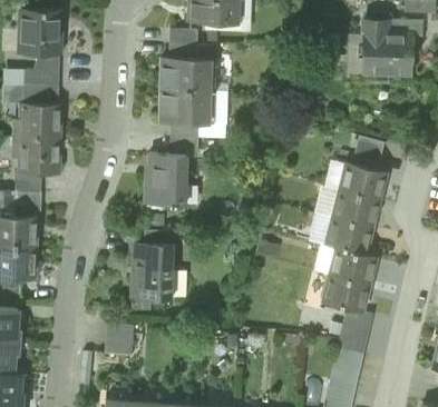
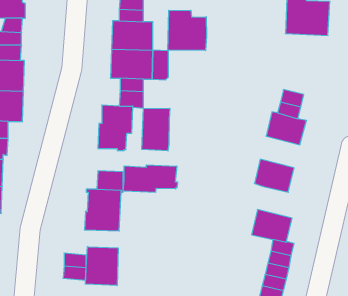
building: none -> [168,10,206,51]
building: none -> [142,108,170,151]
building: [332,189,378,226] -> none
building: none -> [123,165,178,192]
building: [329,247,376,284] -> none
building: none -> [85,247,118,286]

